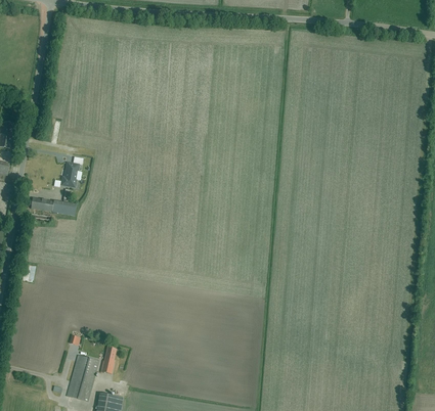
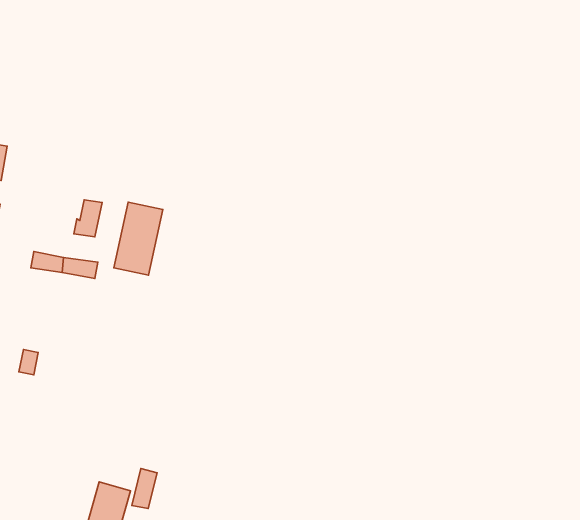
building: none -> [114,202,163,275]

